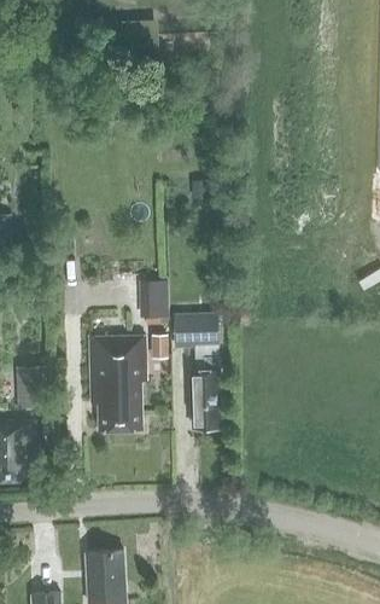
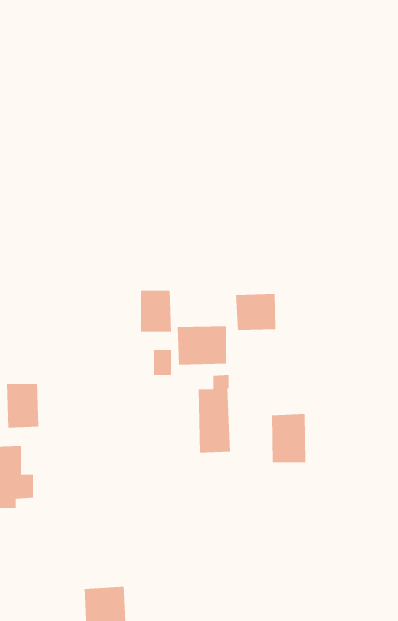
building: none -> [236,293,276,331]
building: [90,336,147,430] -> none
building: none -> [271,413,306,463]

